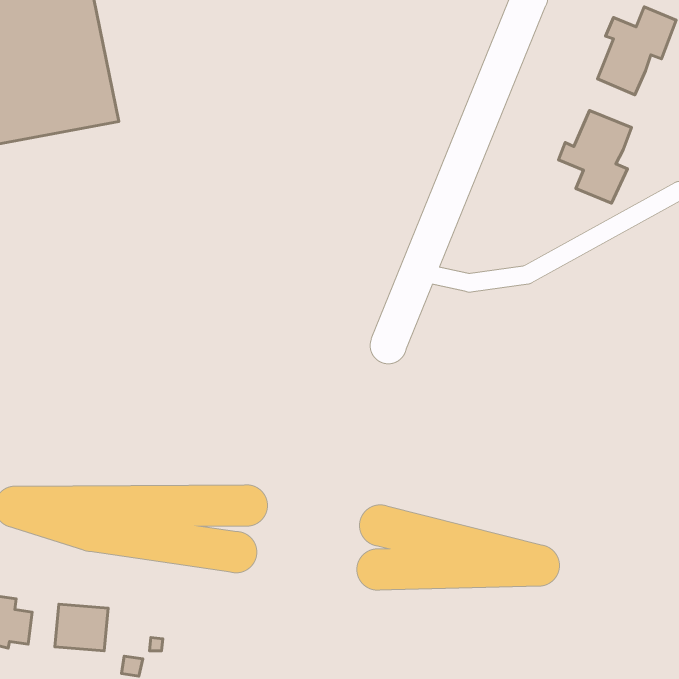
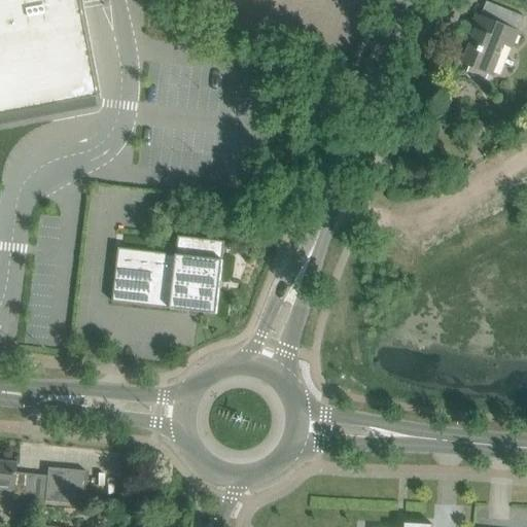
building: [558,110,632,203] -> none
building: none -> [110,235,222,313]

